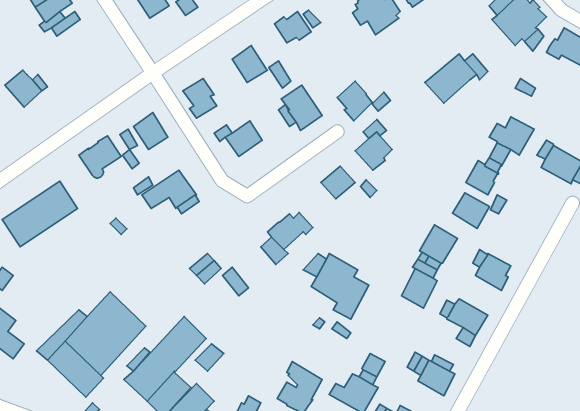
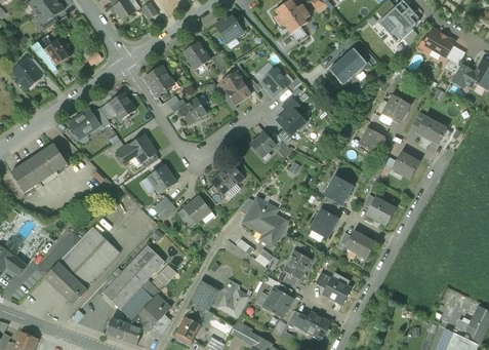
building: none -> [32,35,70,71]
building: [452,193,489,228] -> [392,152,419,179]
building: none -> [150,165,174,194]
building: none -> [184,196,211,223]
building: none -> [284,250,311,279]
building: none -> [190,280,219,311]

